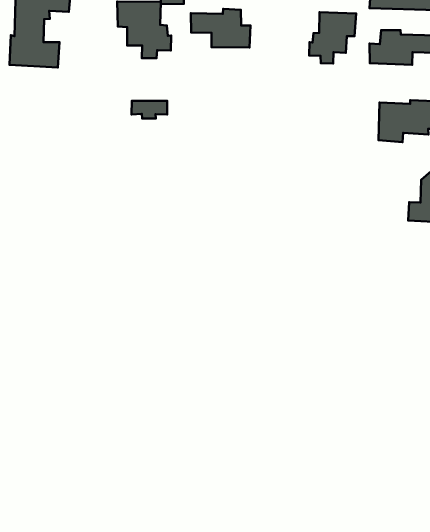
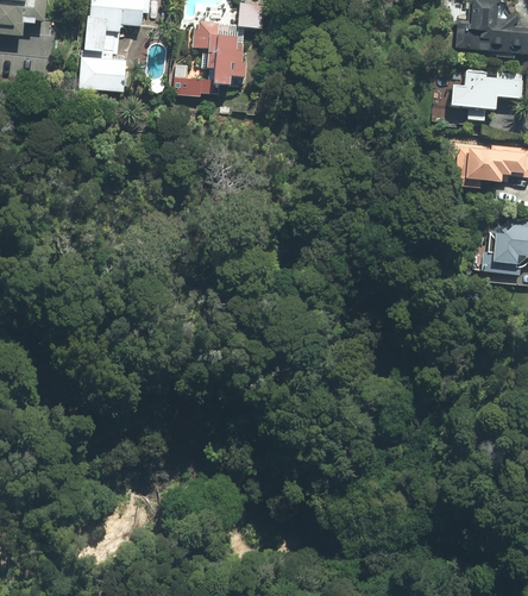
building: [191,9,251,47] -> none
building: [309,12,356,64] -> none
building: [132,101,167,119] -> [176,77,214,98]

